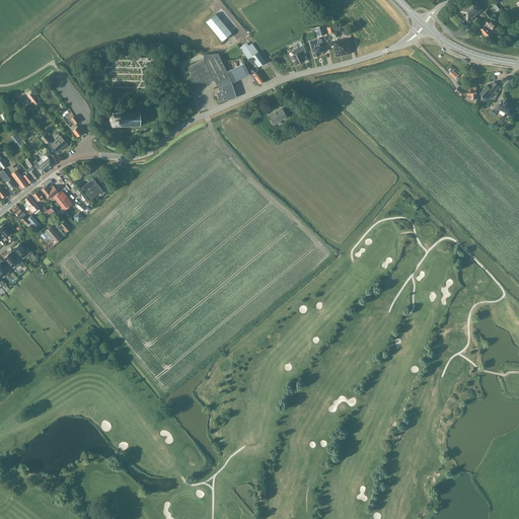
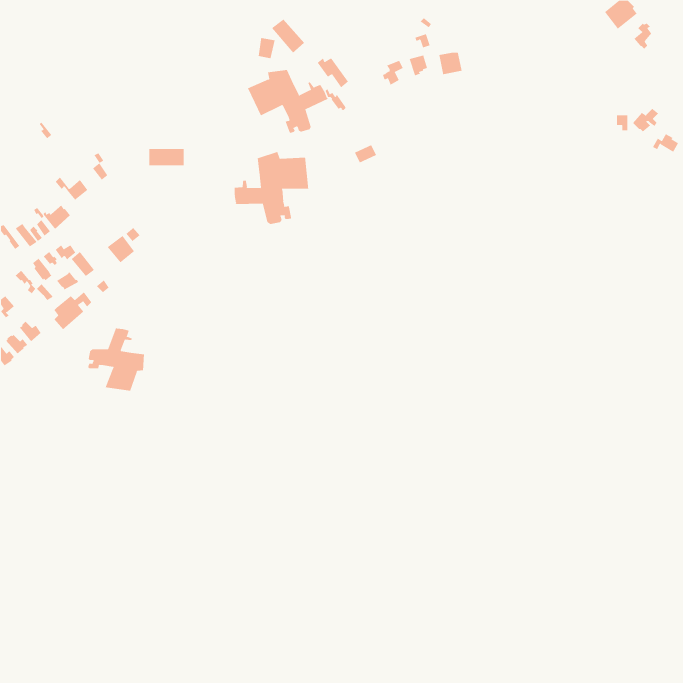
building: none -> [234,151,309,225]
building: none -> [88,327,145,392]

